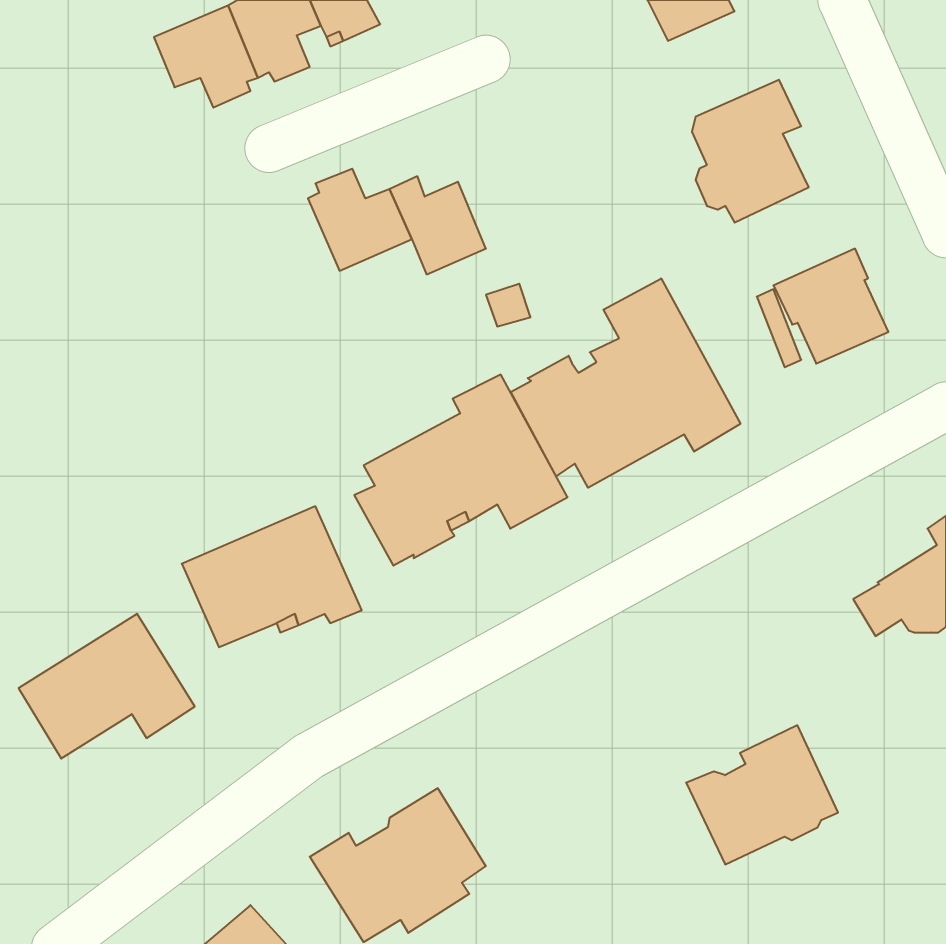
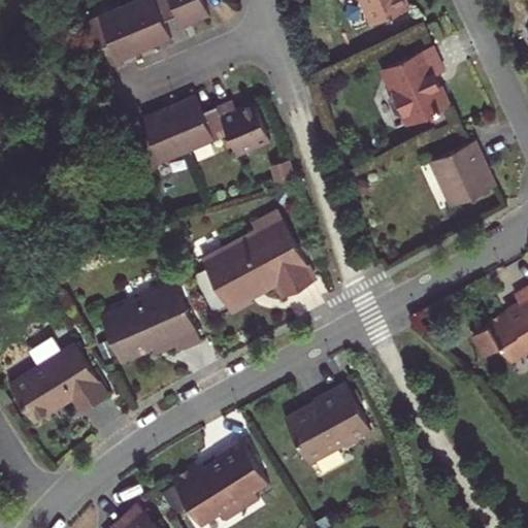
building: none -> [135,109,189,170]
building: [511,278,740,488] -> none
building: [686,725,838,864] -> [280,383,365,460]

